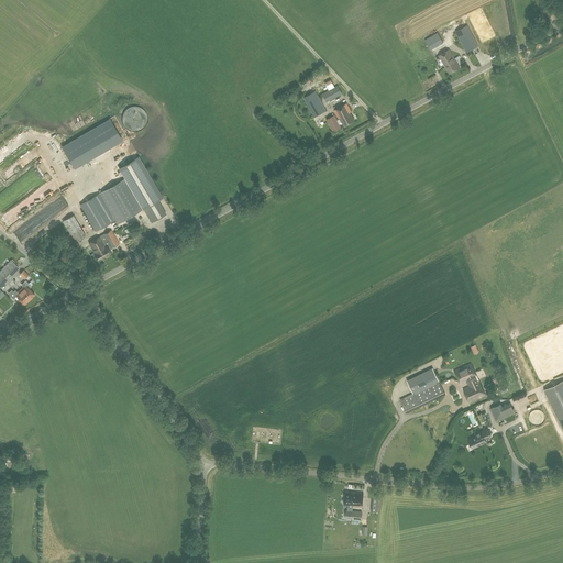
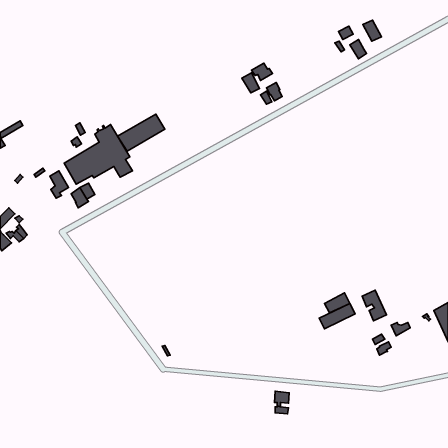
building: [62,119,121,165] -> [117,114,165,151]

